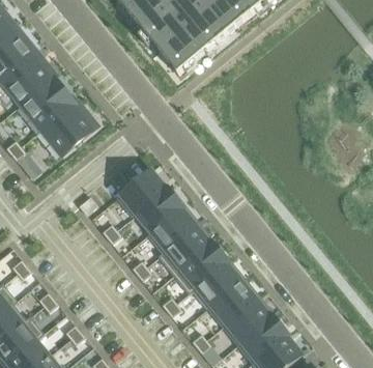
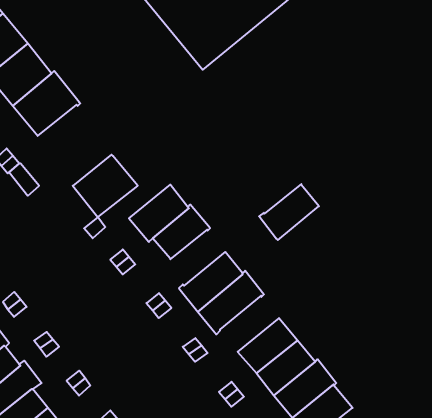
building: [39,103,93,154] -> [73,155,138,217]
building: [145,206,195,253] -> [259,184,319,240]
building: [191,261,239,308] -> none

